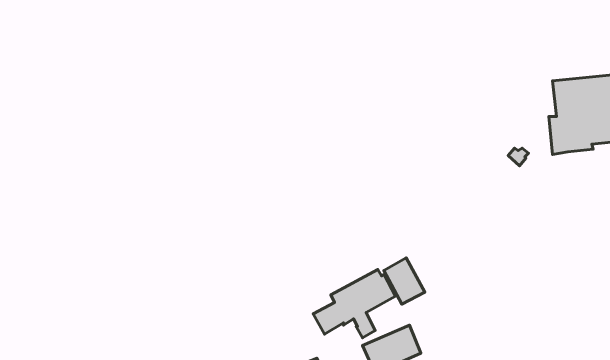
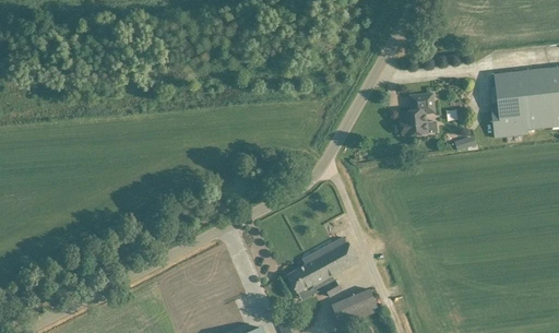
building: none -> [401,93,438,135]
building: [384,258,425,304] -> none

